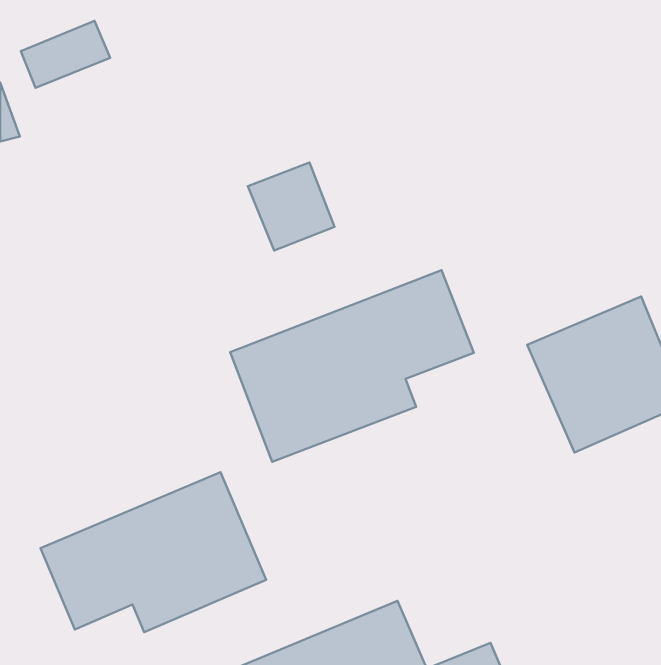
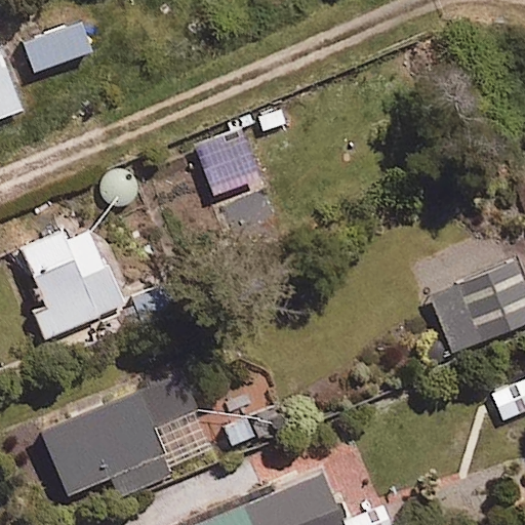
building: [230,270,474,462] -> none
building: none -> [21,221,124,339]

